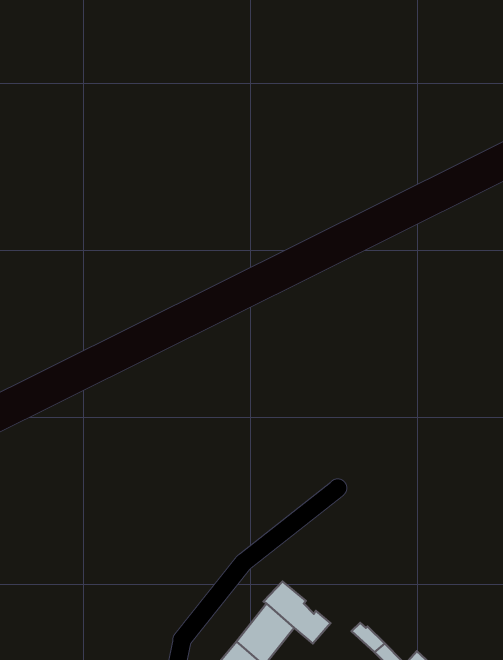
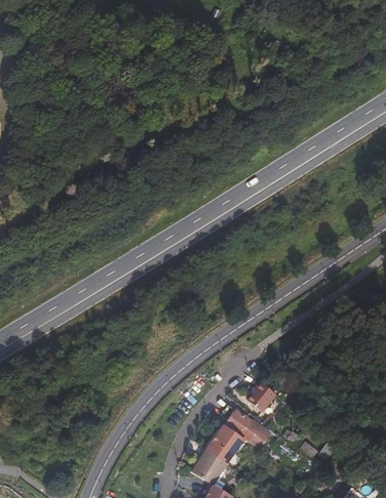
building: none -> [245,379,274,410]

